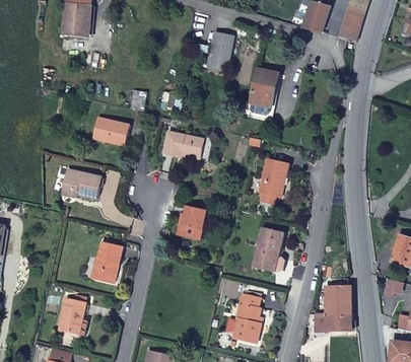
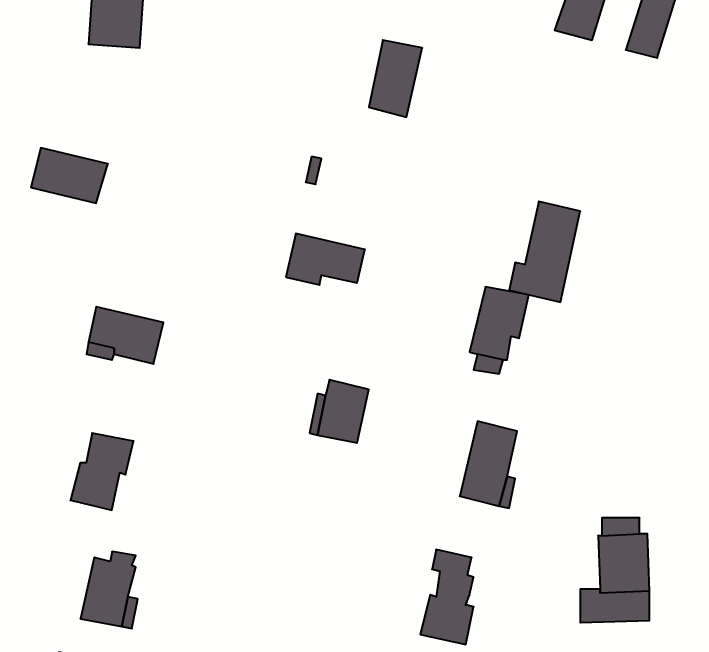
building: [243,69,279,121] -> [509,201,580,302]
building: [91,117,131,145] -> [31,148,108,203]
building: [90,242,123,282] -> [70,433,134,510]

